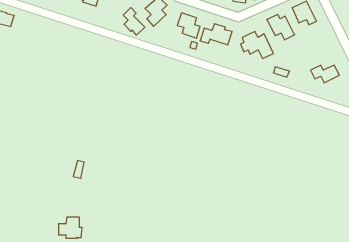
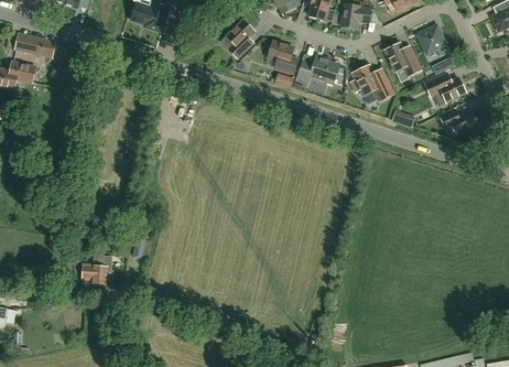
building: [123,8,145,35] -> none
building: none -> [423,73,464,101]
building: [58,217,82,238] -> [82,257,112,284]

